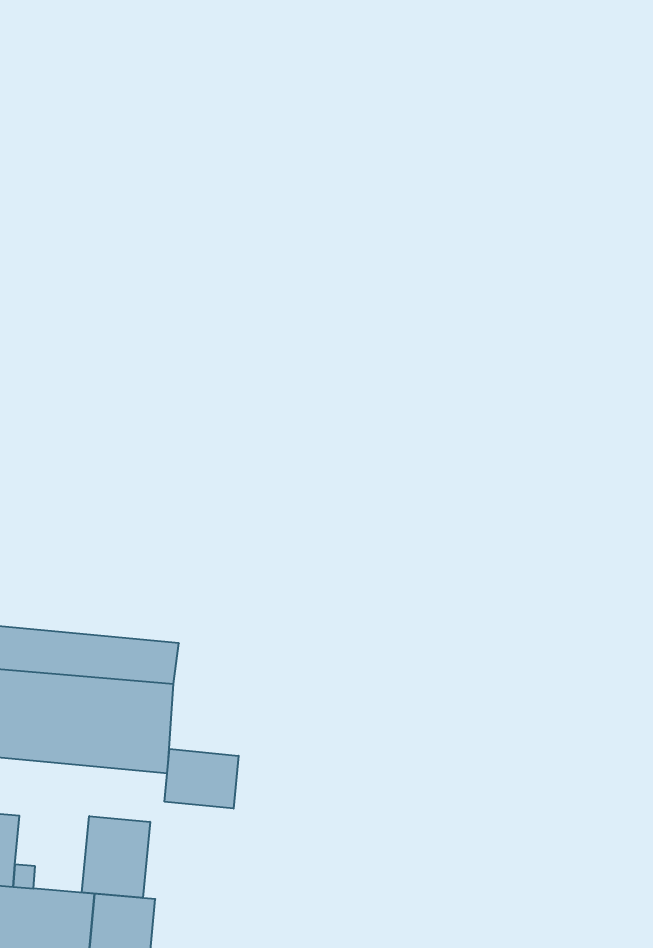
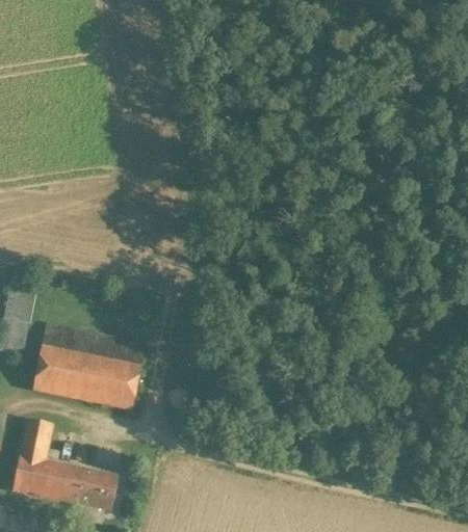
building: [165,749,239,809] -> none
building: [82,816,150,898] -> none

